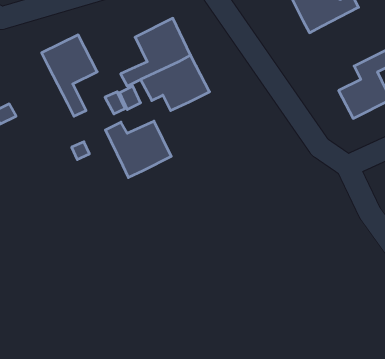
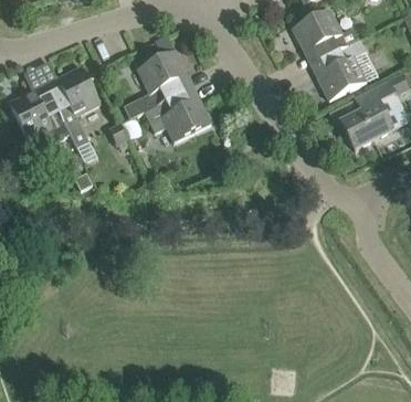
building: none -> [310,38,378,98]
building: none -> [8,83,70,150]
building: [105,121,171,178] -> none

